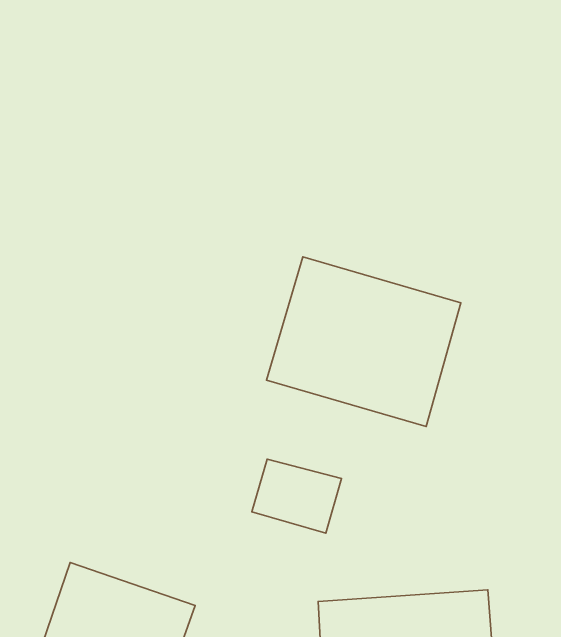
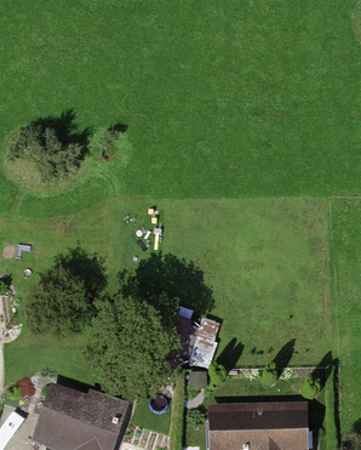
building: [267,257,461,426] -> none

